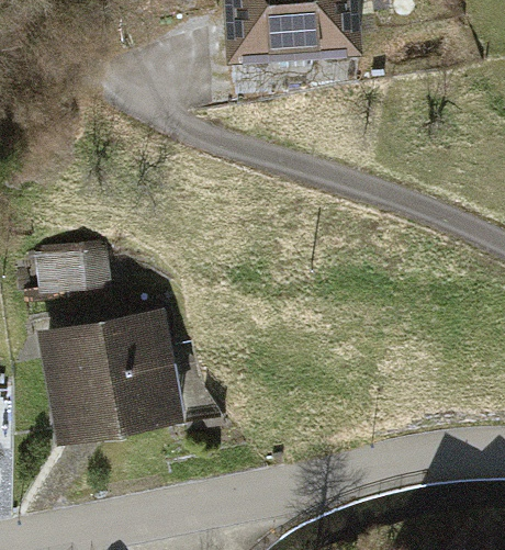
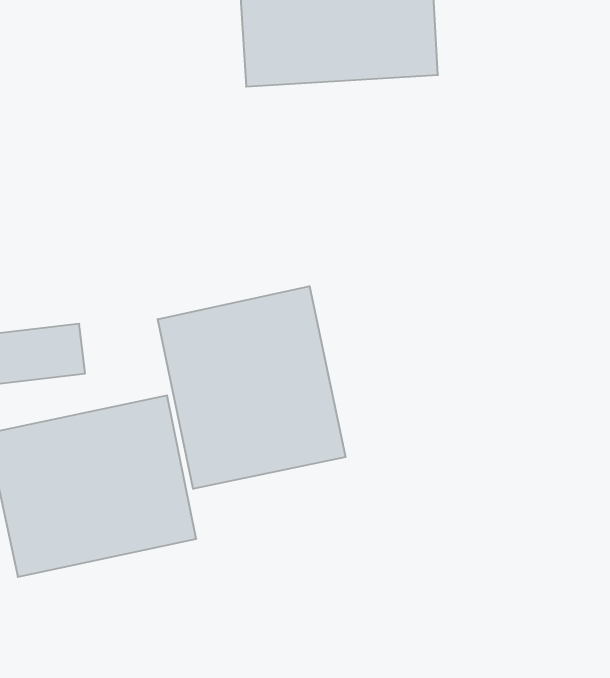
building: none -> [158,286,346,489]

